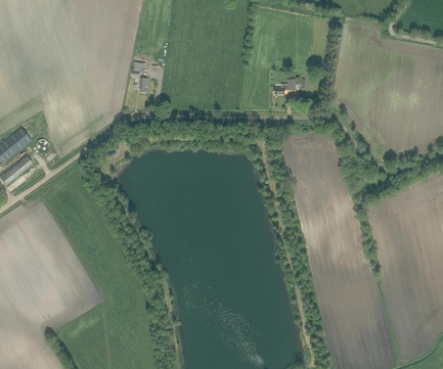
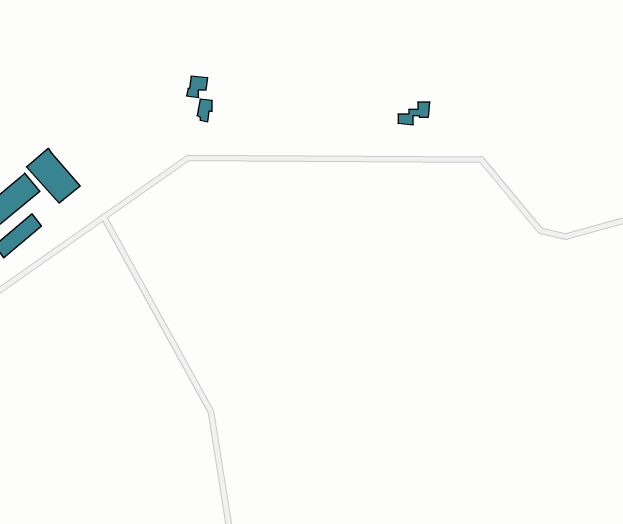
building: none -> [26,148,80,203]

